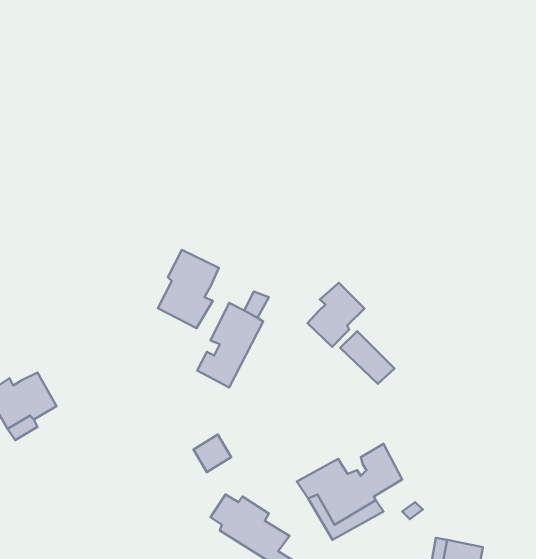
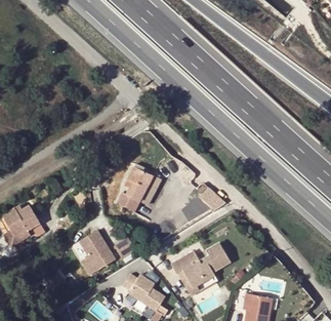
building: [158,250,219,328] -> none
building: [308,283,364,347] -> none
building: none -> [79,229,115,274]

